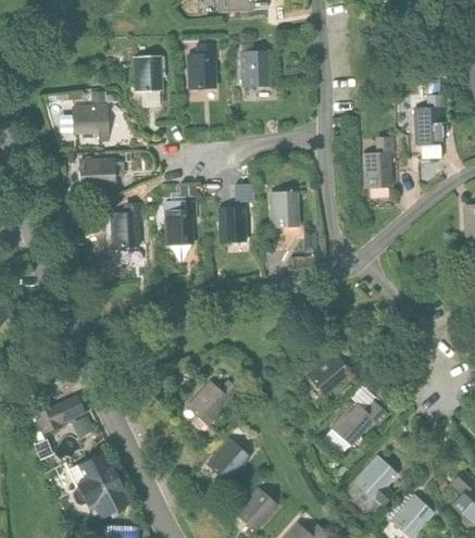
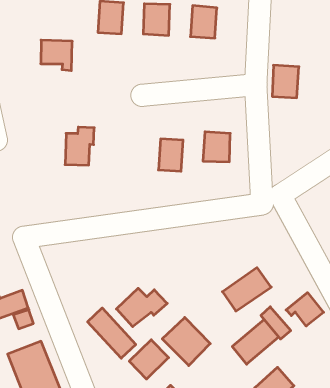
building: [361,150,391,187] -> [272,65,299,98]
building: [78,155,114,185] -> none
building: [162,197,195,243] -> none
building: none -> [286,293,324,326]
building: none -> [88,308,136,358]
building: none -> [162,317,210,366]

